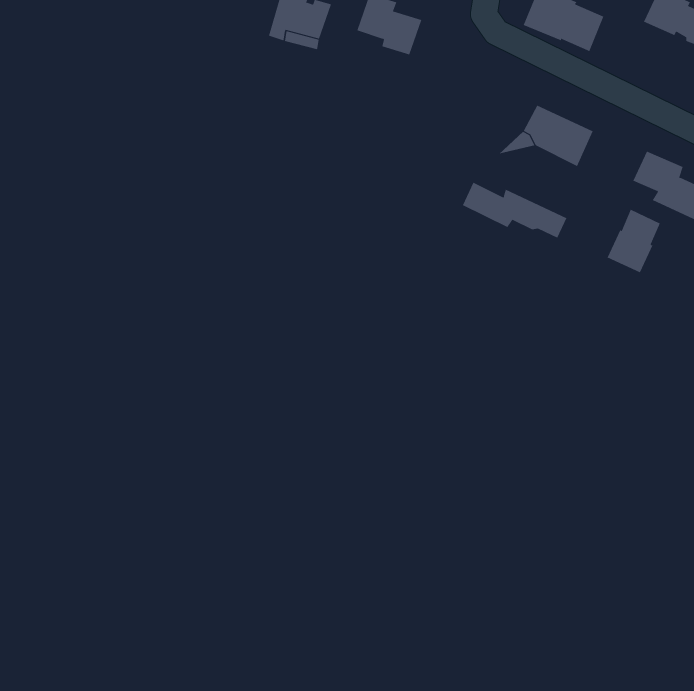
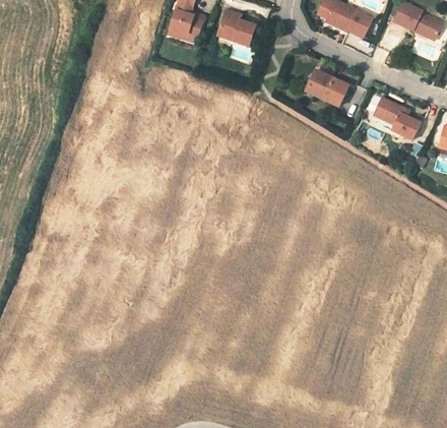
building: [462,182,567,239] -> none
building: [607,209,660,273] -> none

